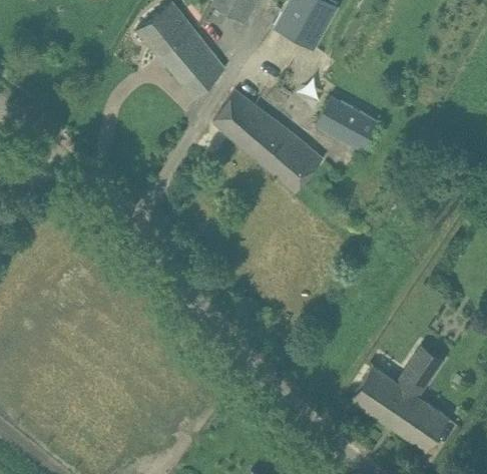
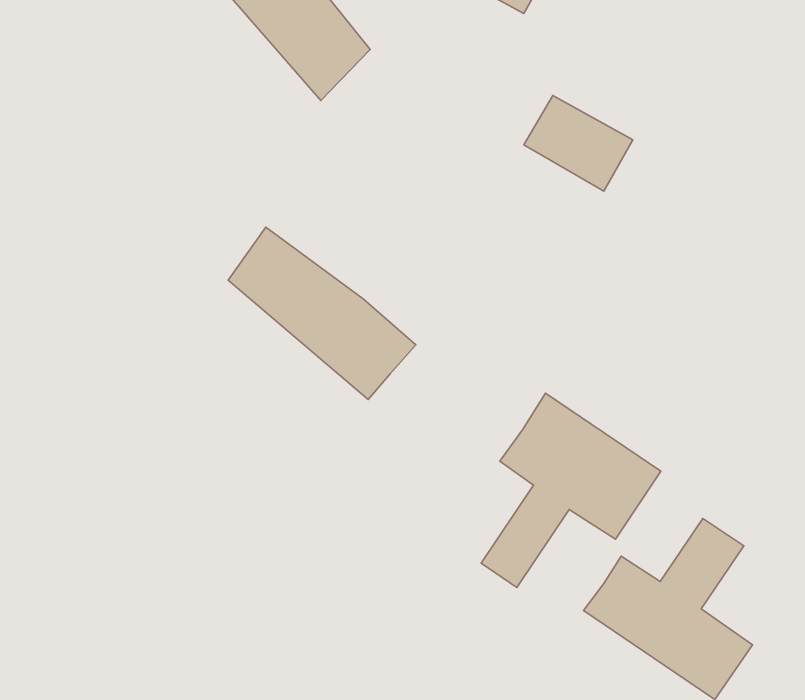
building: [212,91,323,192] -> [228,227,416,400]
building: none -> [481,393,661,588]

